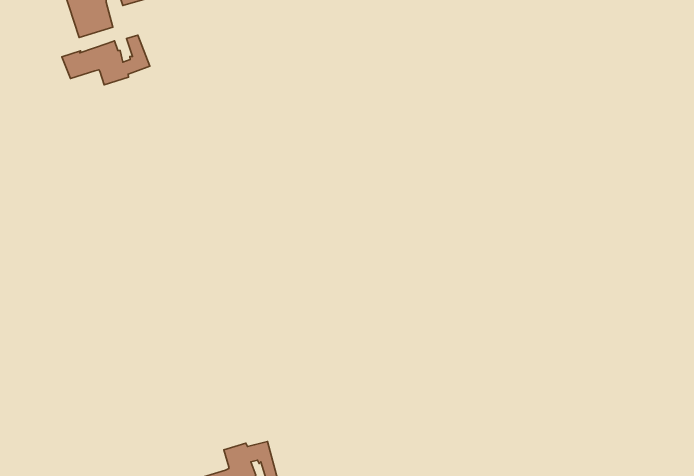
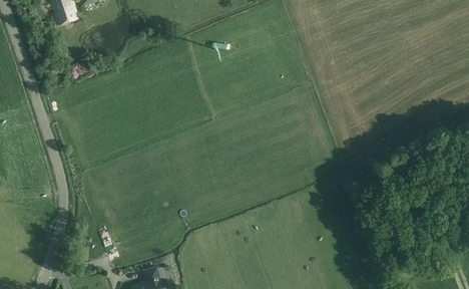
building: [62,35,150,85] -> none

